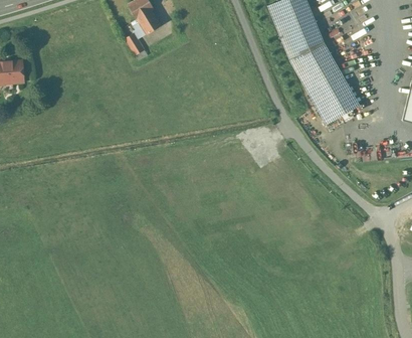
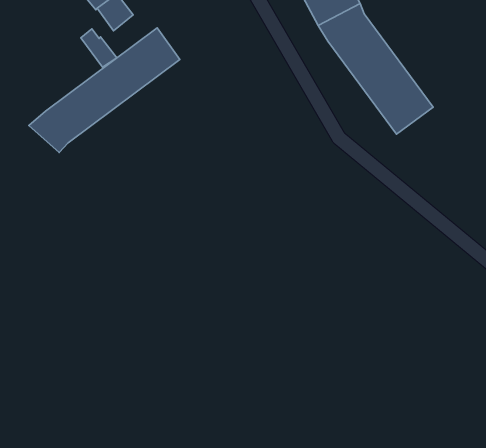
building: none -> [29,28,180,152]

